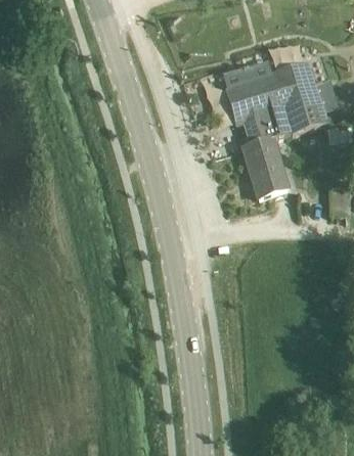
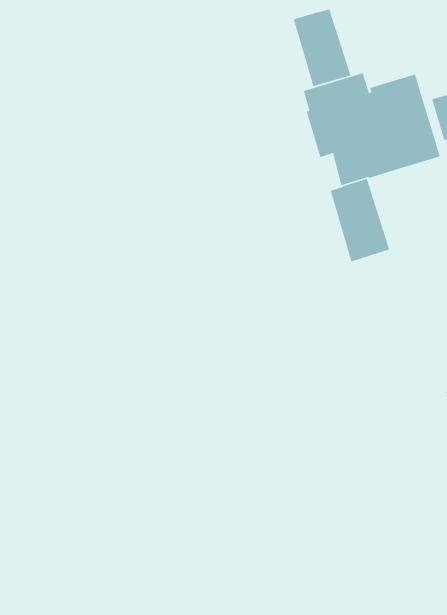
building: none -> [292,8,352,87]

